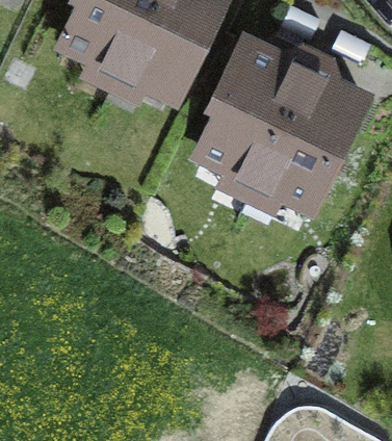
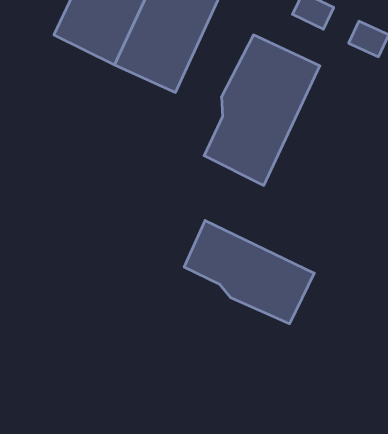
building: [257,71,364,205] -> none
building: none -> [184,220,314,324]

